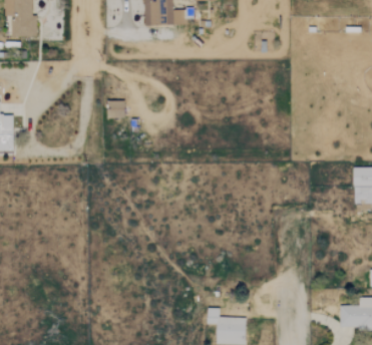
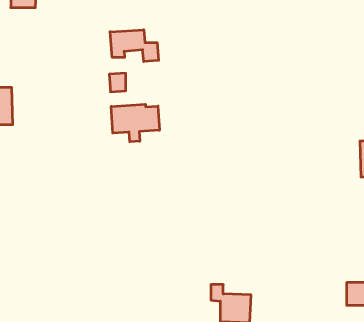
building: none -> [110,30,159,62]
building: none -> [111,104,159,142]

